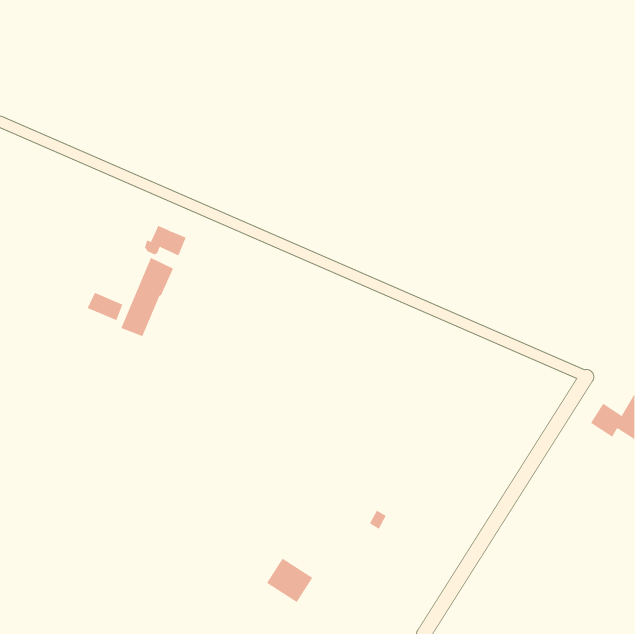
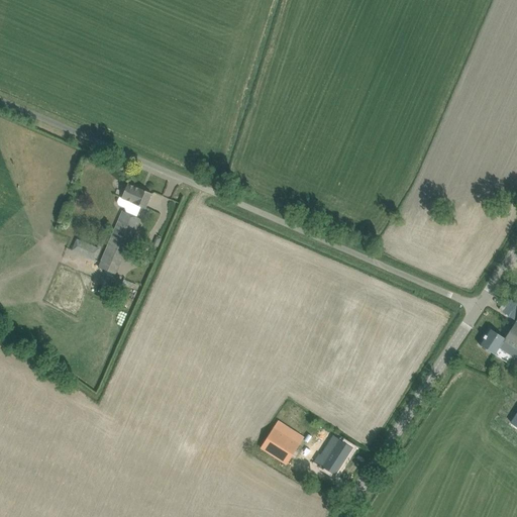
building: none -> [311,435,353,475]
building: [266,558,313,603] -> [261,427,299,463]

